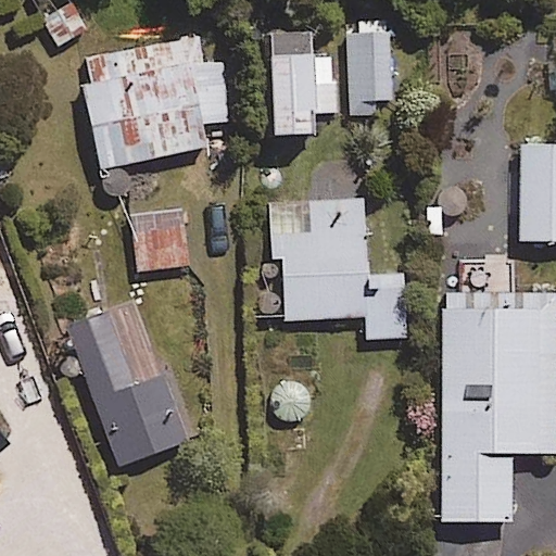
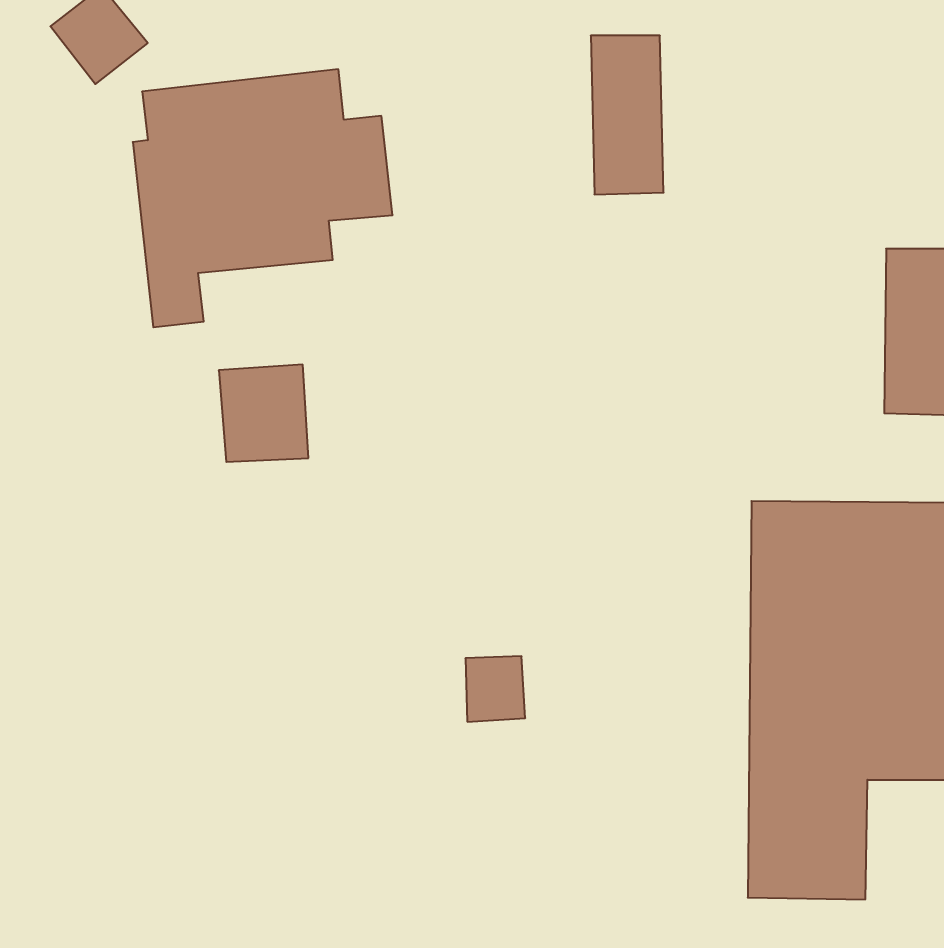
building: [265,33,337,136] -> none
building: [270,198,409,338] -> none
building: [68,299,190,465] -> none

